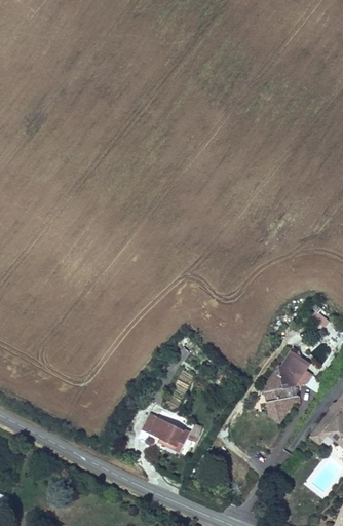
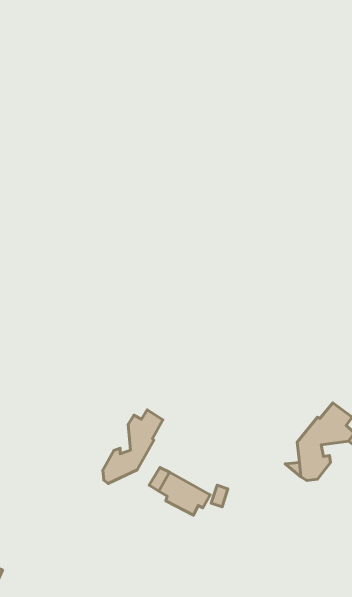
building: none -> [103,410,163,484]

